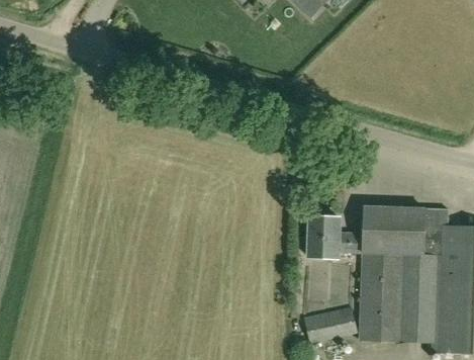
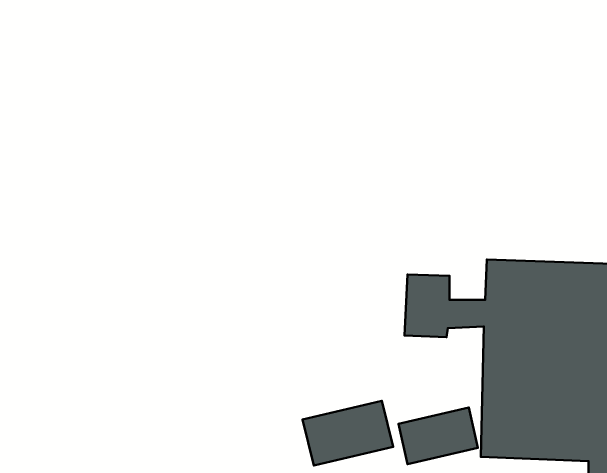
building: none -> [302,401,393,466]

